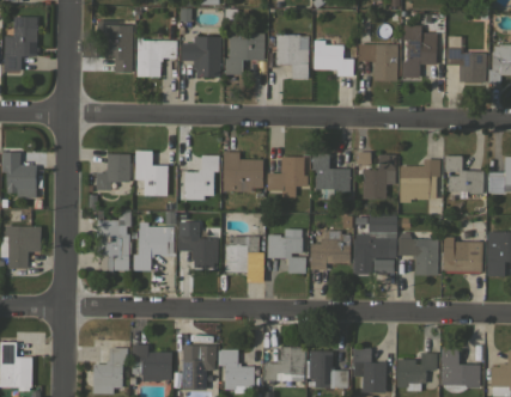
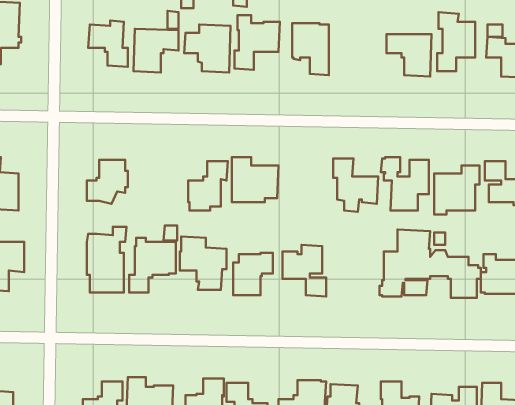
building: [312,41,353,77] -> none
building: [134,151,168,196] -> none
building: [267,157,306,190] -> none
building: [310,231,349,270] -> none

